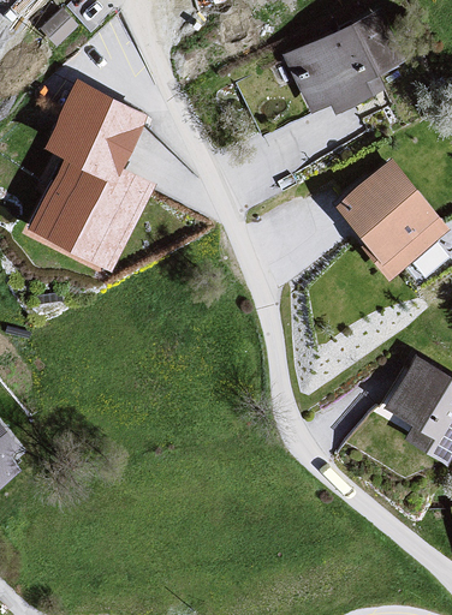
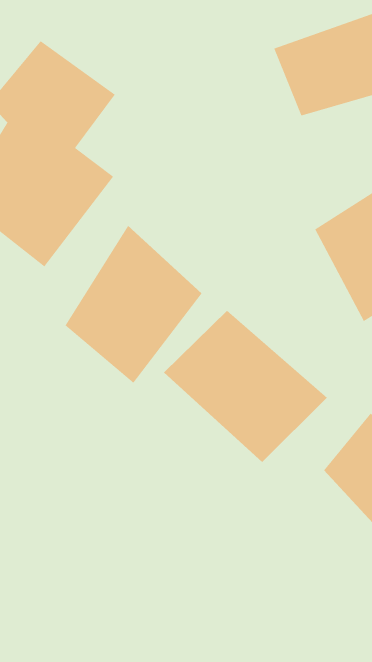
building: none -> [65,225,203,384]
building: none -> [163,310,328,463]

